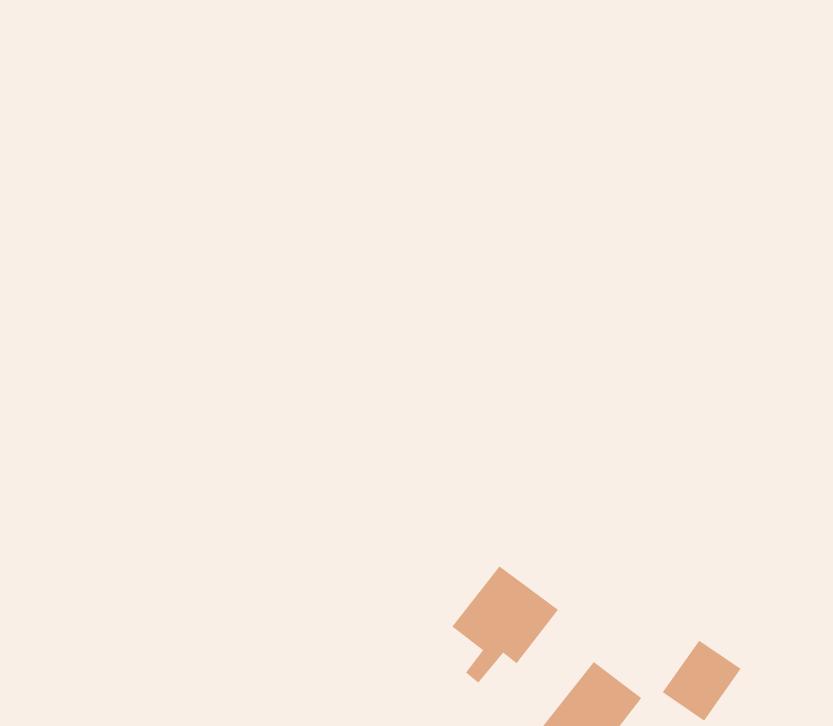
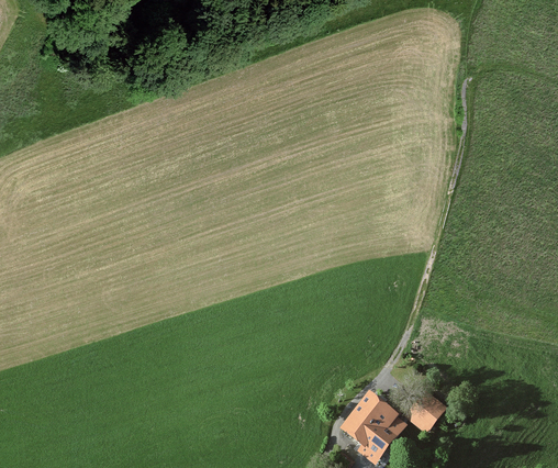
building: [451,566,559,684] -> none

